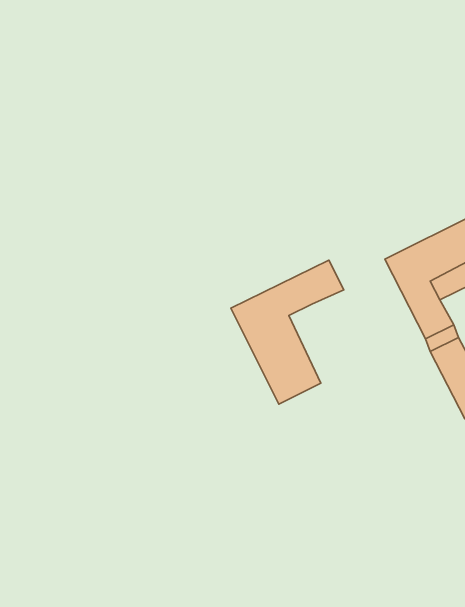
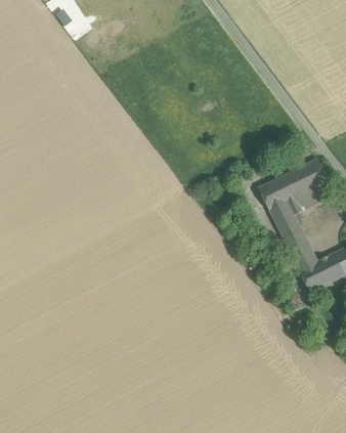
building: [231,260,344,404] -> none

